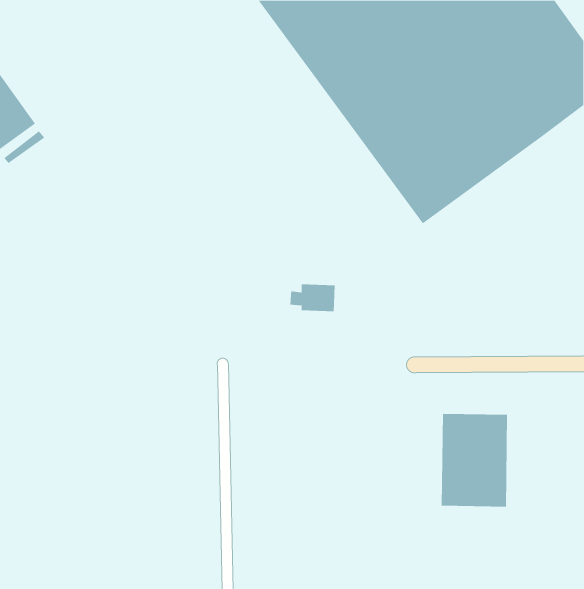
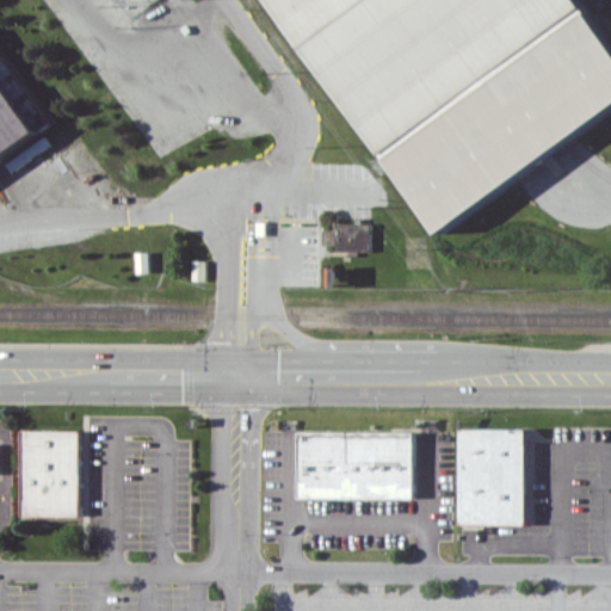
building: [289,284,336,312] -> [319,223,366,252]
building: none -> [19,430,79,517]
building: none -> [296,432,412,499]

